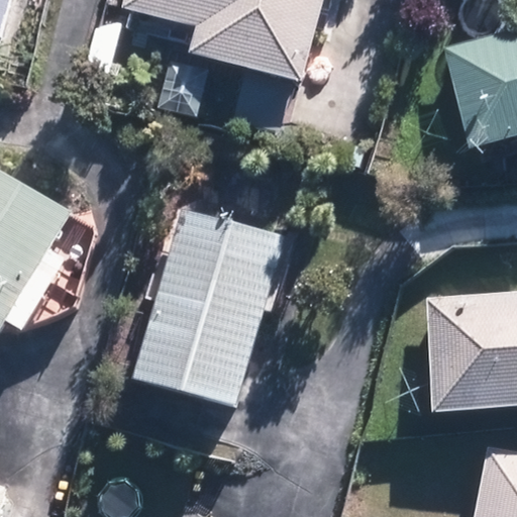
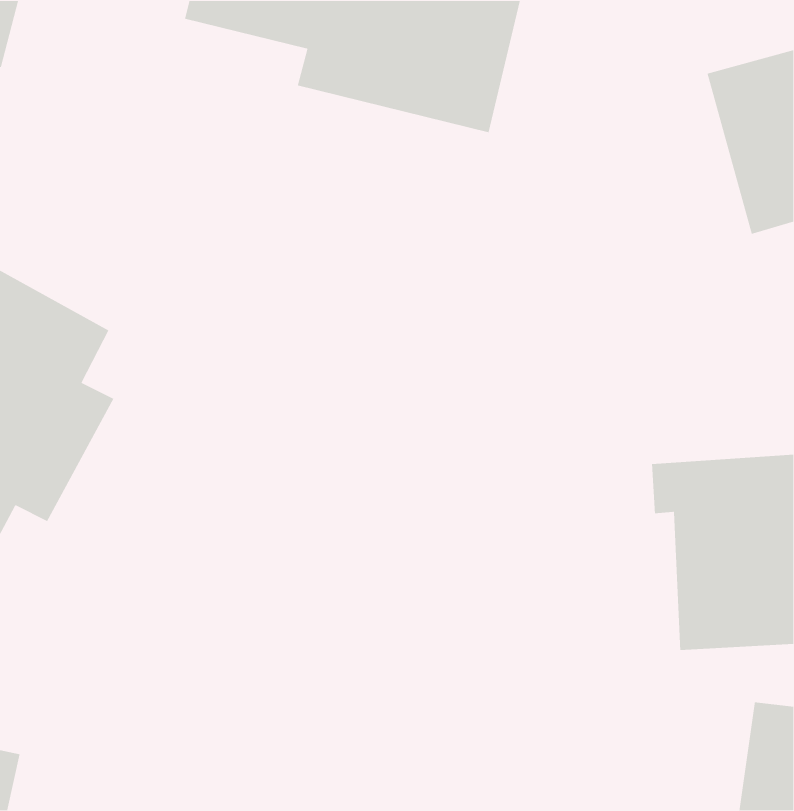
building: [138,210,285,401] -> none

